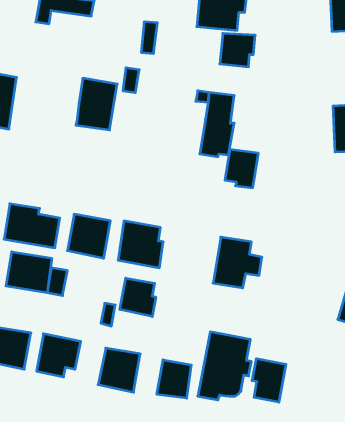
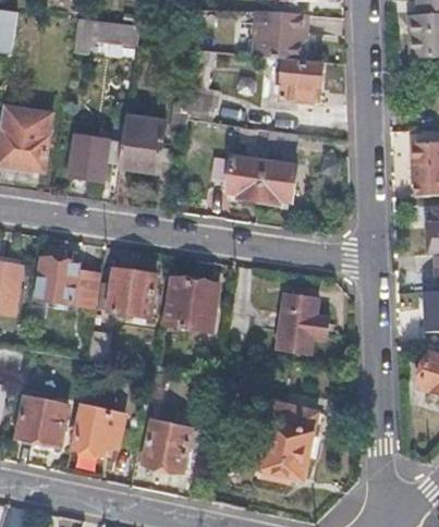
building: none -> [69,135,122,180]
building: [225,149,258,188] -> [228,156,266,199]
building: [6,252,52,293] -> none
building: [120,278,156,317] -> none
building: [252,359,286,402] -> none
building: [157,360,191,398] -> none

